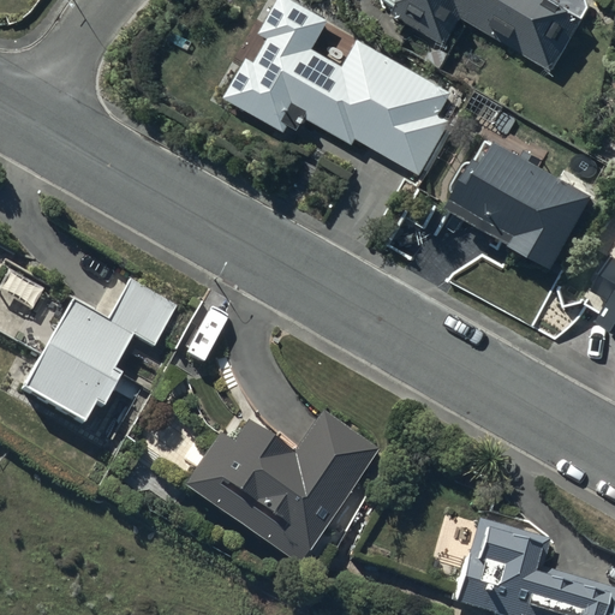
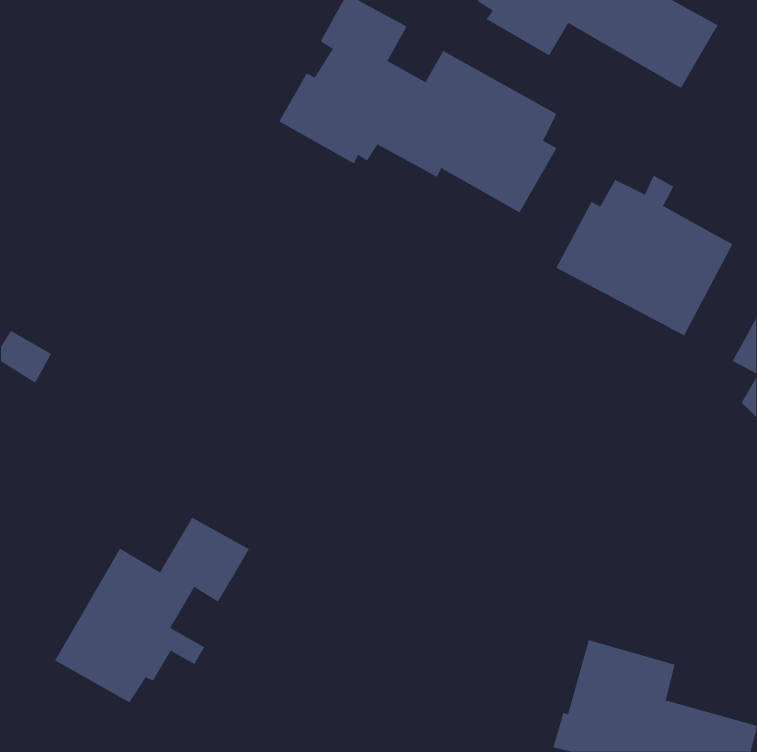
building: [19,277,178,429] -> [54,517,250,703]
building: [180,408,378,568] -> none

